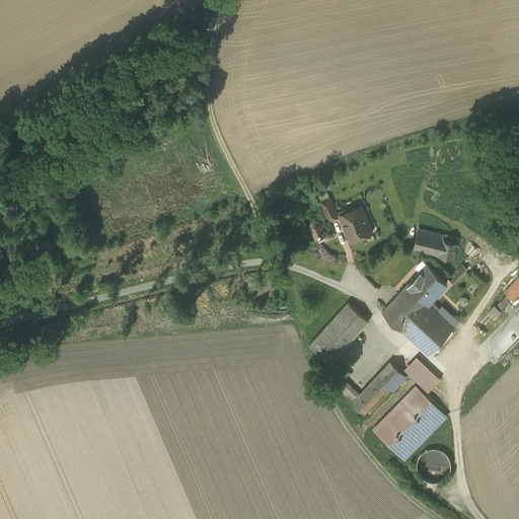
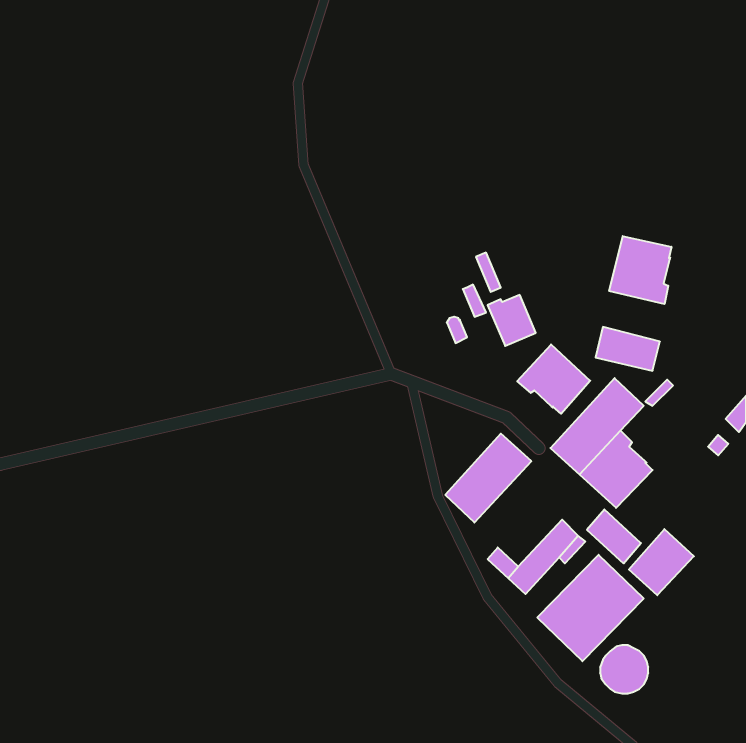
building: none -> [609,236,671,304]
building: none -> [517,344,590,414]
building: none -> [629,529,694,595]

